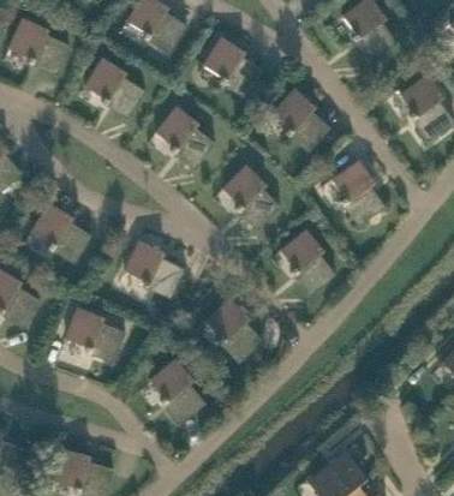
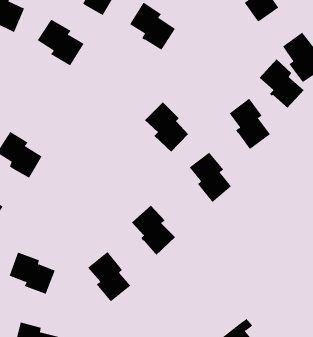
building: [270,86,329,151] -> [259,58,304,109]
building: [154,104,214,168] -> none
building: [123,239,184,298] -> none
building: [65,306,125,361] -> [9,252,56,295]

